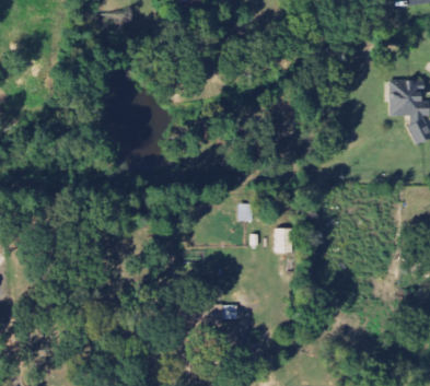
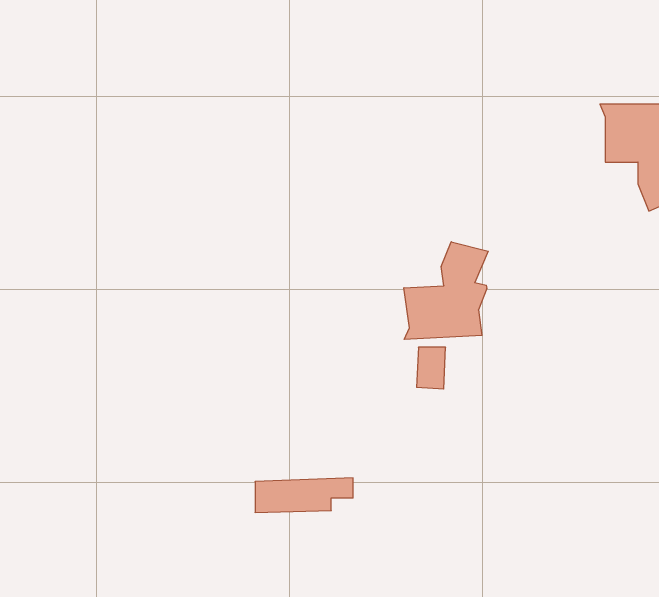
building: none -> [404,242,488,339]

